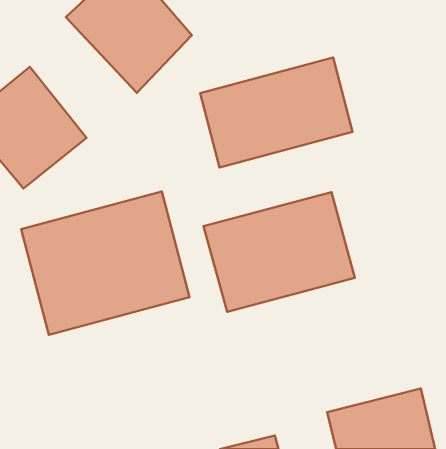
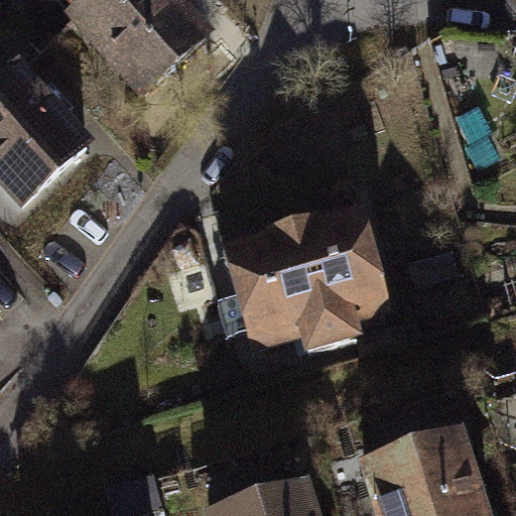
building: [200,58,352,168] -> none
building: [21,191,190,335] -> none

